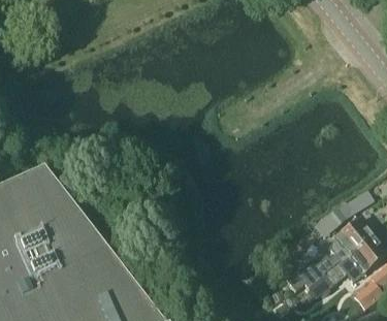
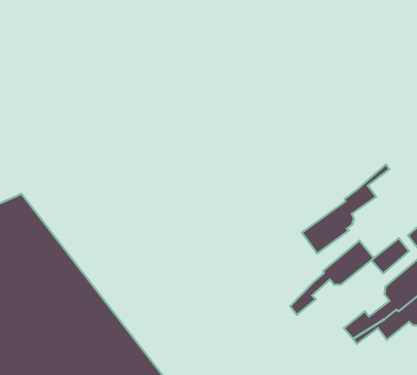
building: none -> [302,164,389,254]
building: none -> [290,241,374,315]

